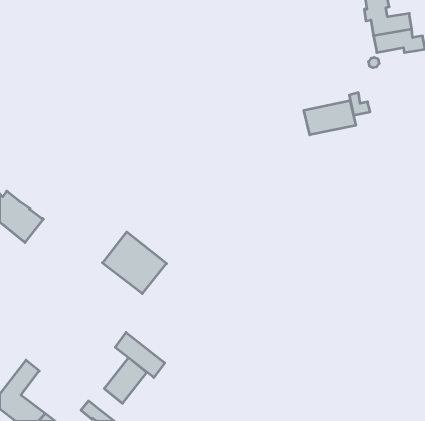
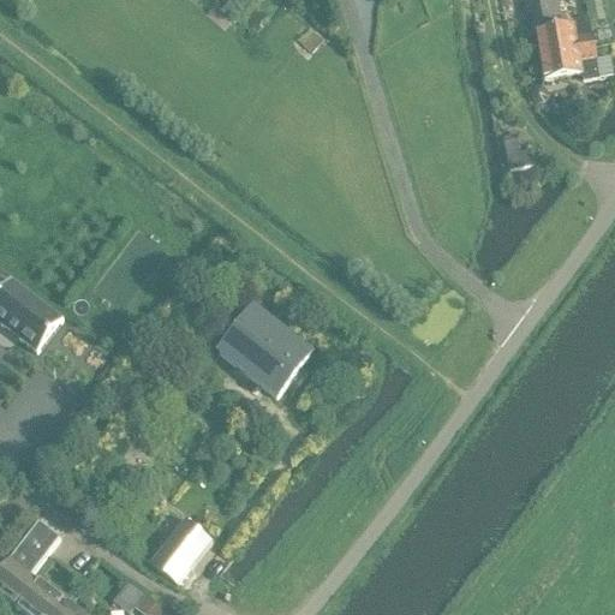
building: [304,101,356,135] -> none
building: [102,232,167,294] -> [219,304,311,393]
building: [115,332,165,378] -> none

